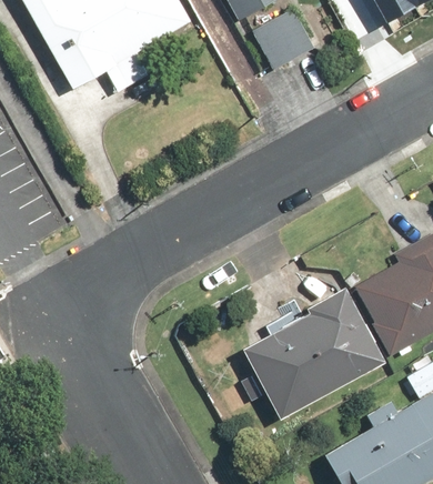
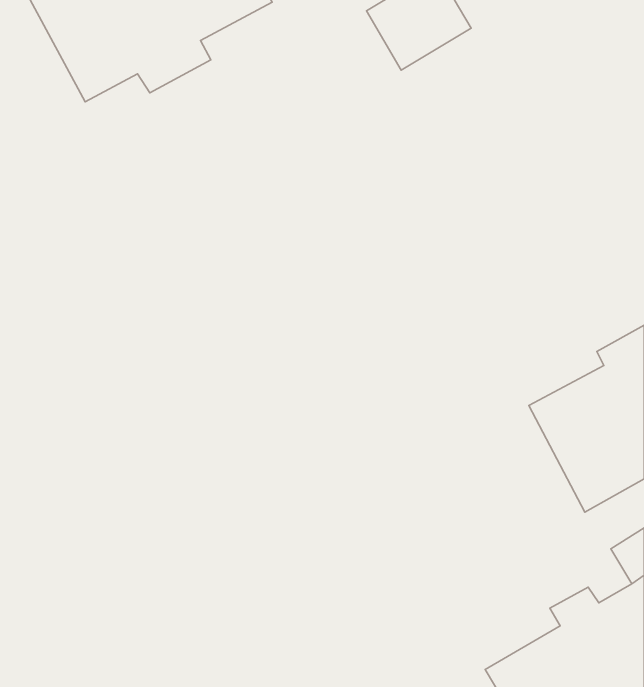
building: [246,286,390,419] -> none

